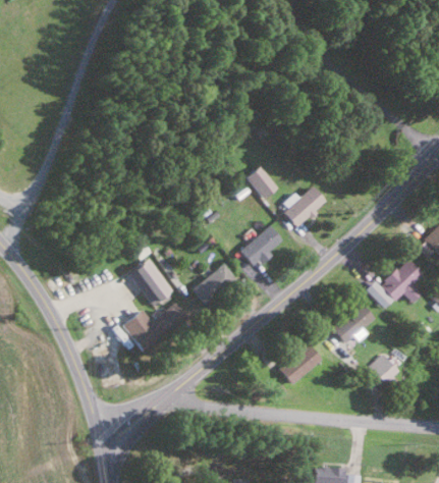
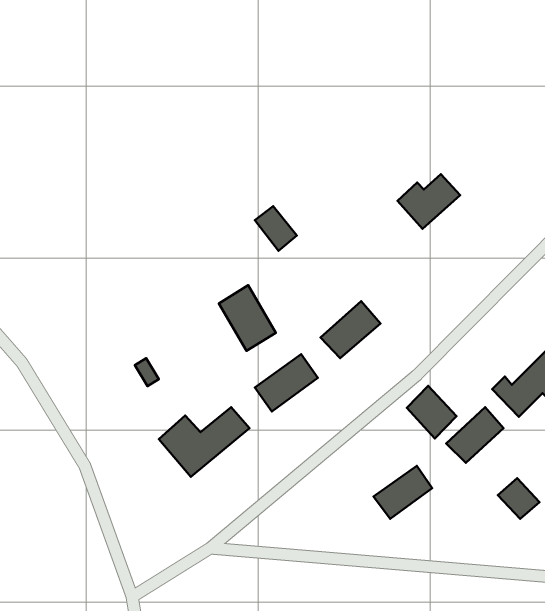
building: [248,166,278,199] -> [255,206,297,251]
building: [281,186,327,226] -> [397,174,460,229]
building: [130,258,172,306] -> [219,285,276,351]
building: none -> [407,386,457,438]

